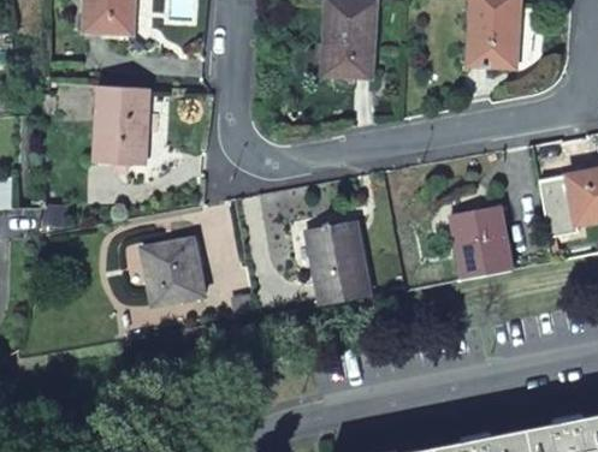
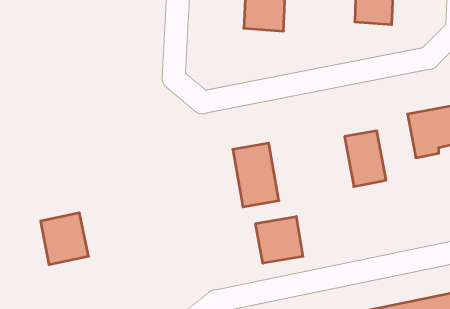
building: [96,84,150,163] -> none
building: [142,238,205,305] -> [41,213,89,265]
building: none -> [256,216,303,263]

